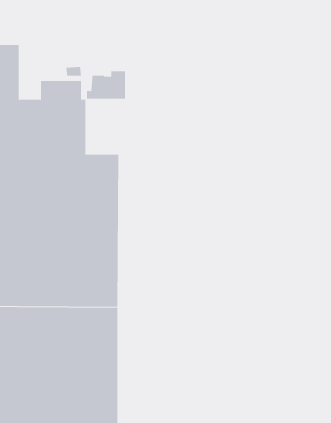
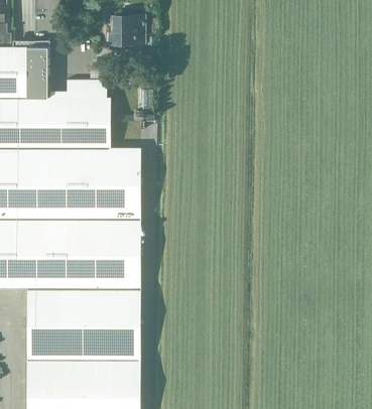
building: [86,71,126,99] -> [109,16,145,42]

